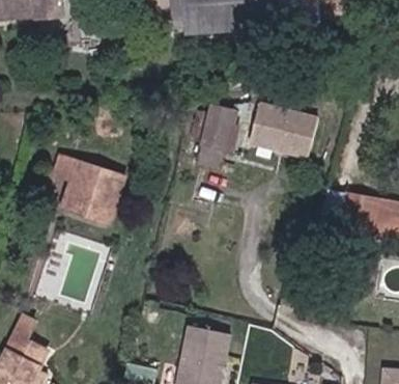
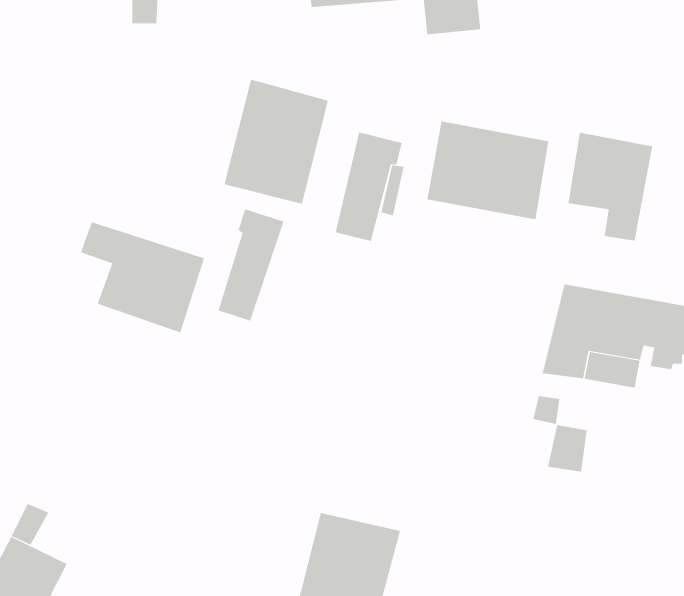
building: none -> [224,79,328,204]
building: none -> [568,132,653,242]
building: none -> [218,209,284,321]

